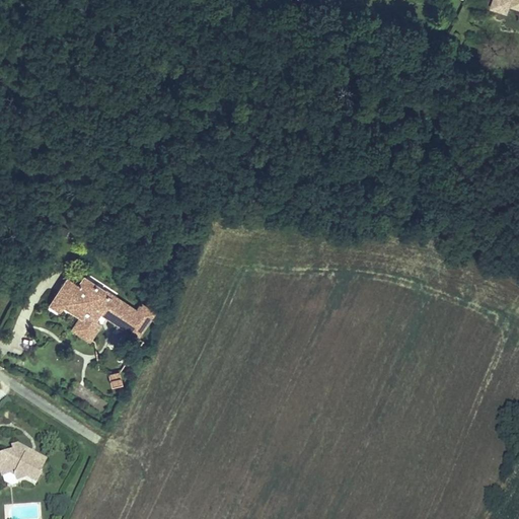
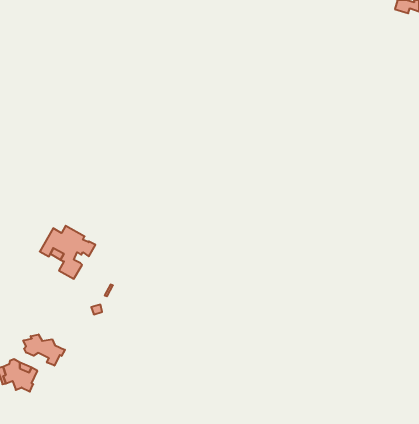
building: [90,299,151,336] -> none
building: none -> [23,334,65,366]

